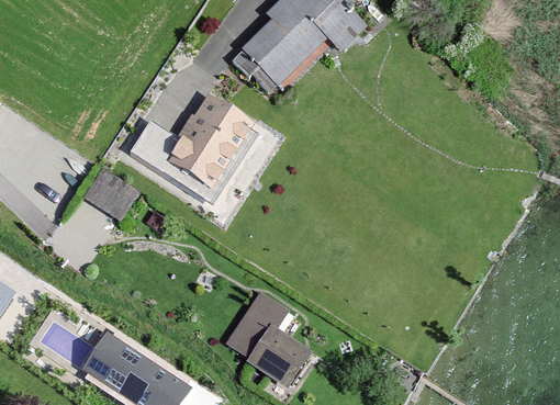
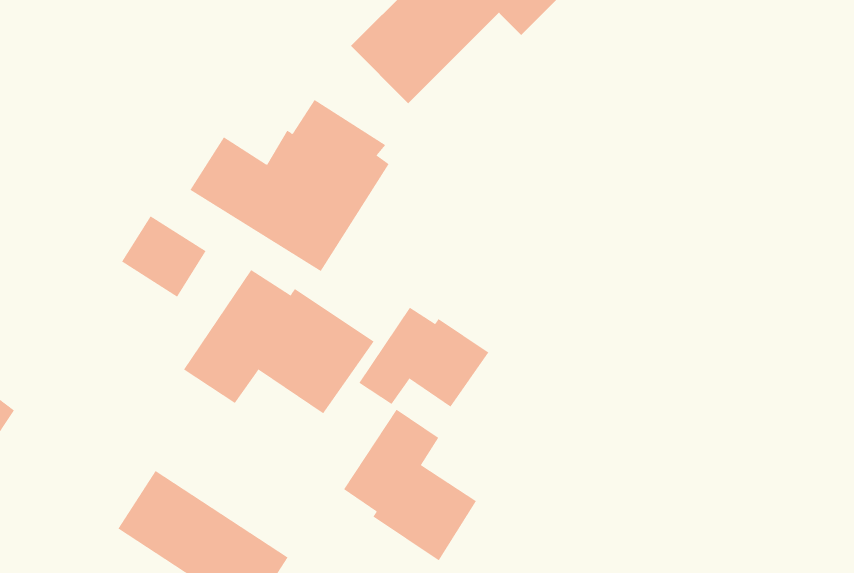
building: none -> [183,269,374,414]
building: none -> [359,307,489,408]

